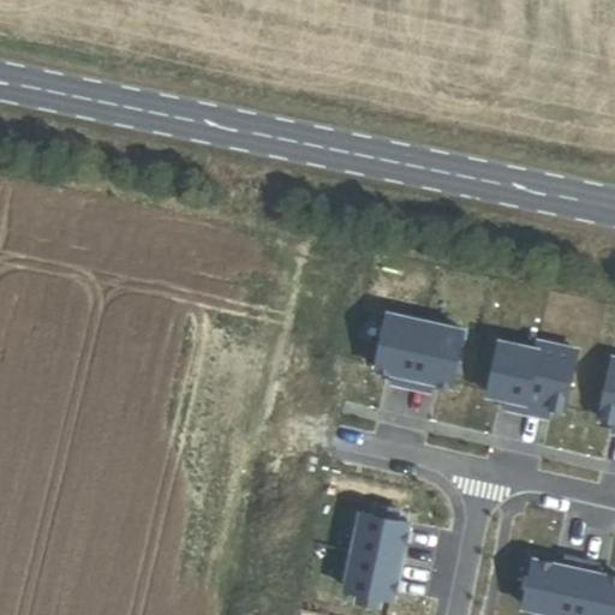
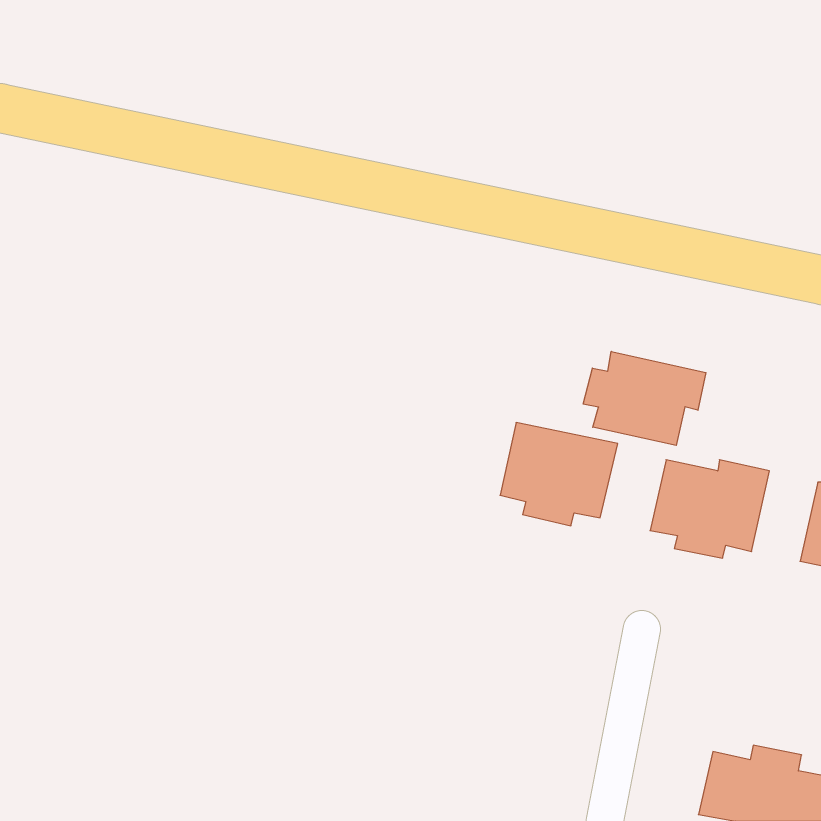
building: none -> [583,351,706,445]
building: [344,504,408,607] -> none

